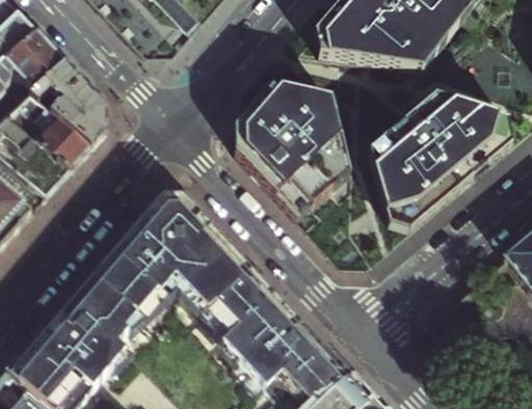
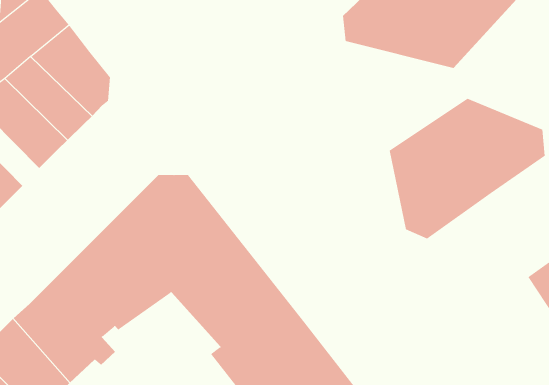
building: [234,85,350,225] -> none

